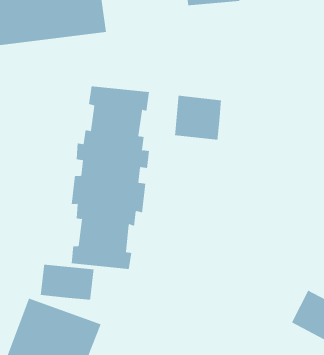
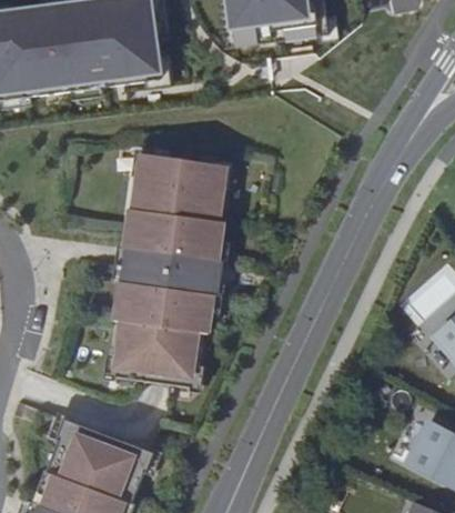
building: [174,95,222,141] -> none
building: [40,264,94,300] -> none

